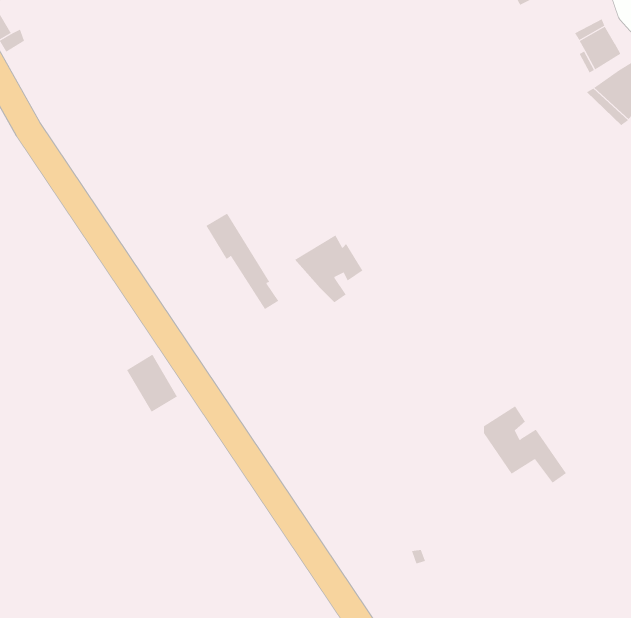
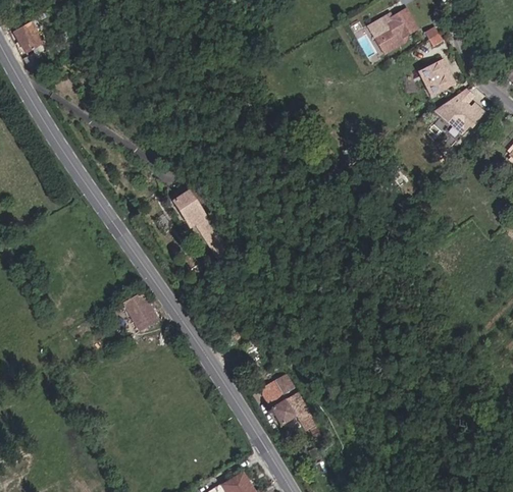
building: [294,234,363,303] -> none
building: [483,405,567,483] -> [259,375,317,429]

